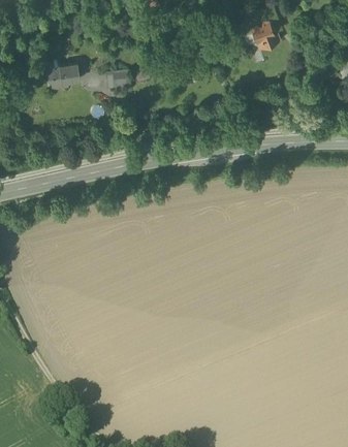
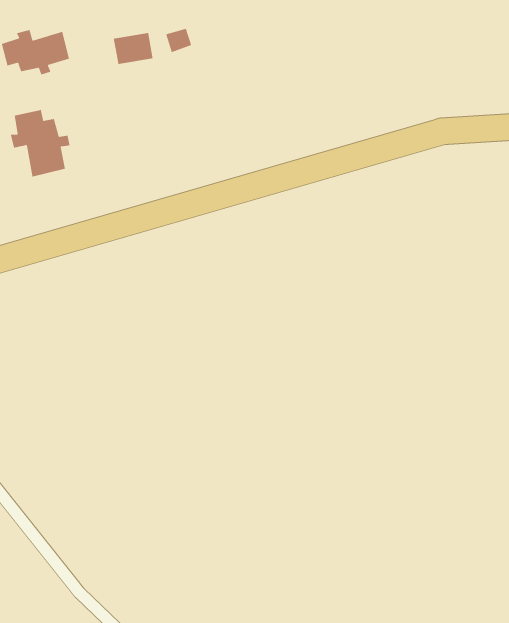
building: none -> [10,109,70,177]

